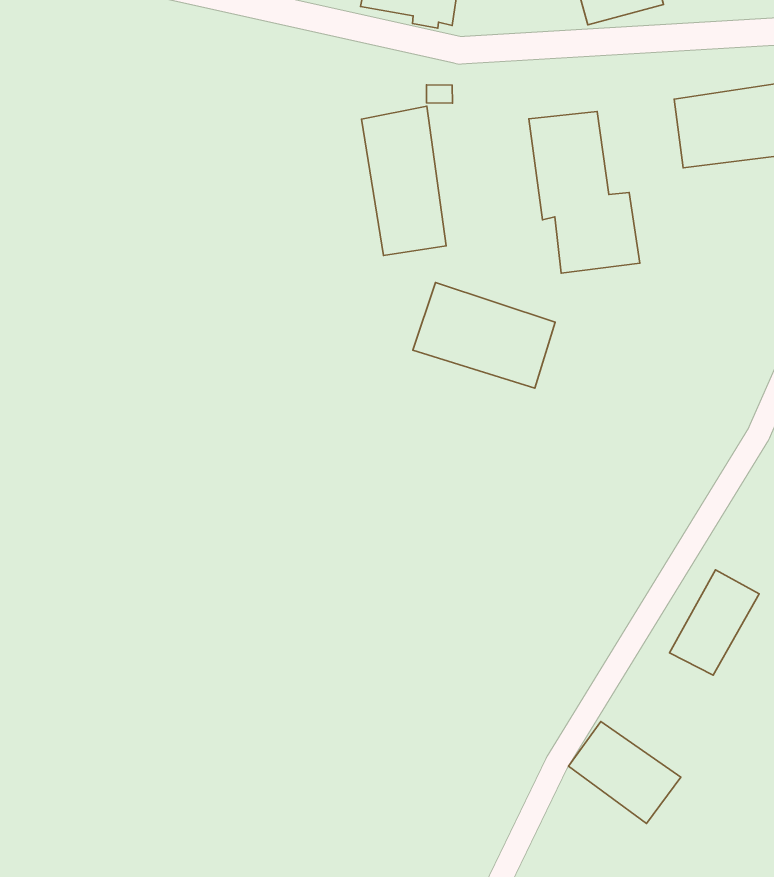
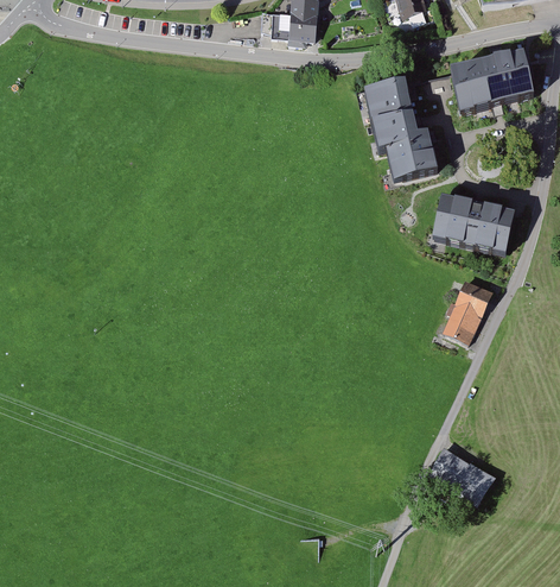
building: [362,106,446,255] -> none
building: [413,283,555,388] -> [432,194,515,251]
building: [670,570,759,675] -> [443,277,492,340]

